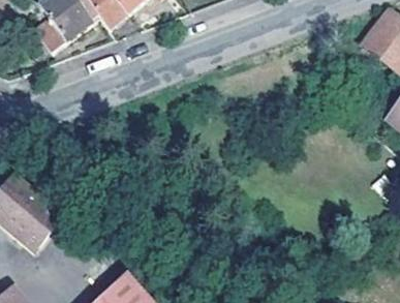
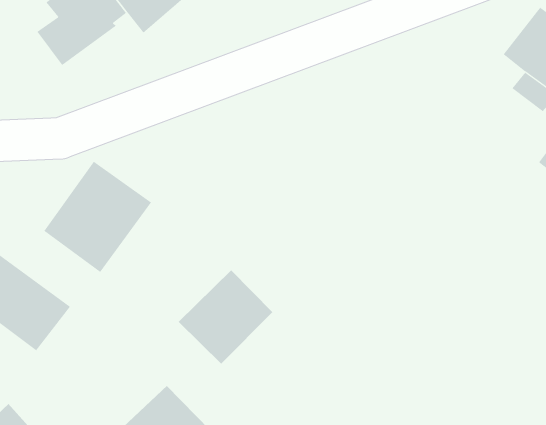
building: none -> [43,161,152,273]
building: none -> [178,269,273,365]

